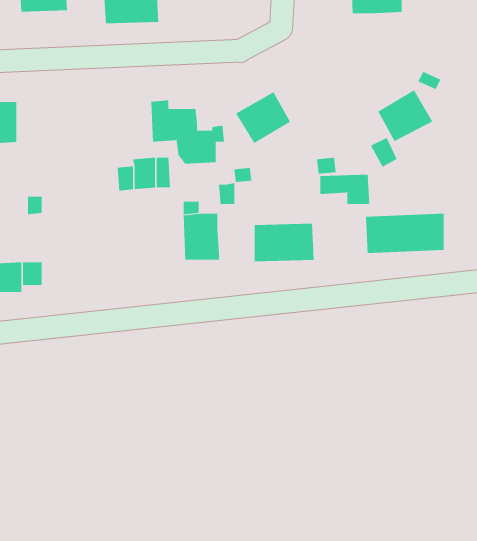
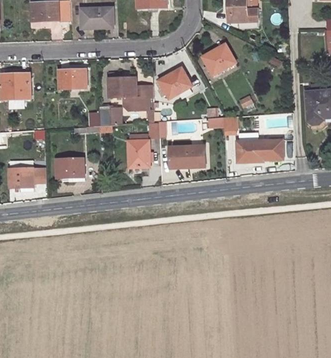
building: [377,89,433,142] -> [203,43,236,74]
building: none -> [58,69,87,88]
building: none -> [56,157,84,178]

